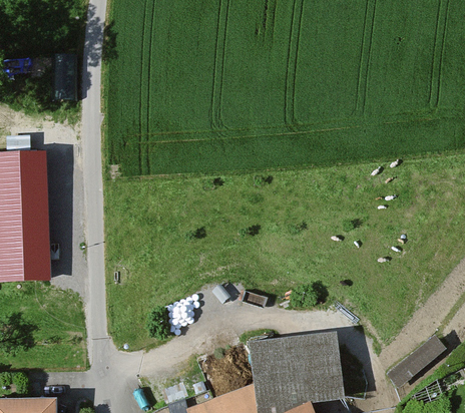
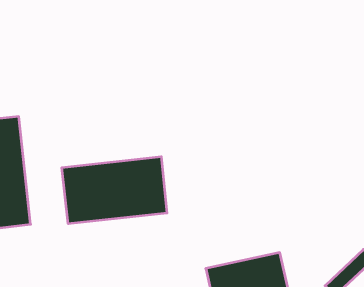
building: none -> [62,157,167,224]

